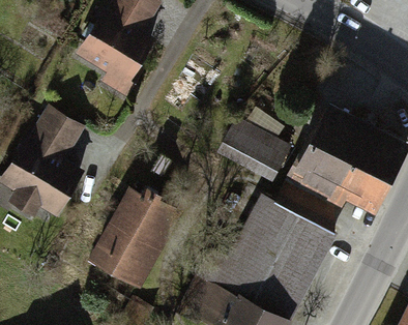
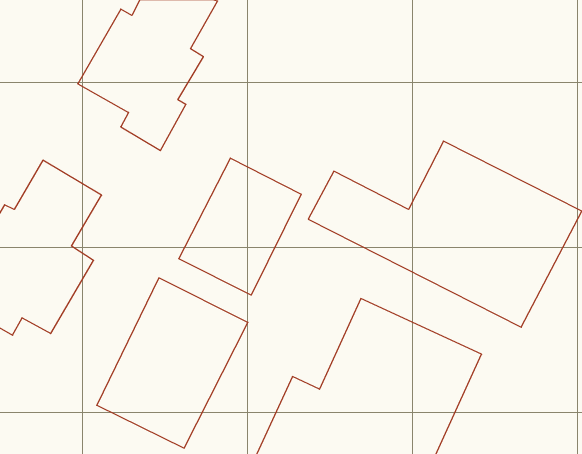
building: none -> [179,158,301,295]

